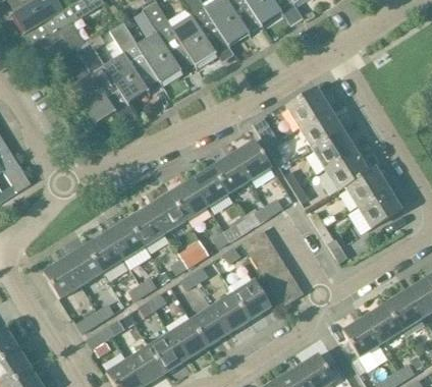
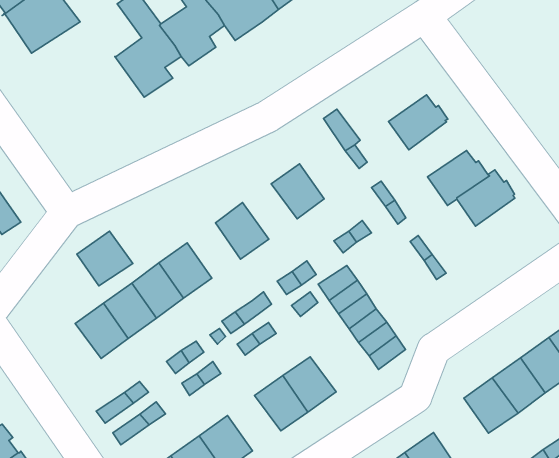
building: [72,42,124,119] -> none
building: [286,88,330,127] -> none
building: [313,130,356,169] -> none
building: [233,141,271,180] -> none
building: [191,167,229,207] -> none
building: [358,188,400,227] -> none
building: [149,192,186,232] -> none
building: none -> [77,231,133,286]
building: [43,259,82,298] -> none
building: [232,280,271,320] -> none
building: [170,319,208,358] -> none

